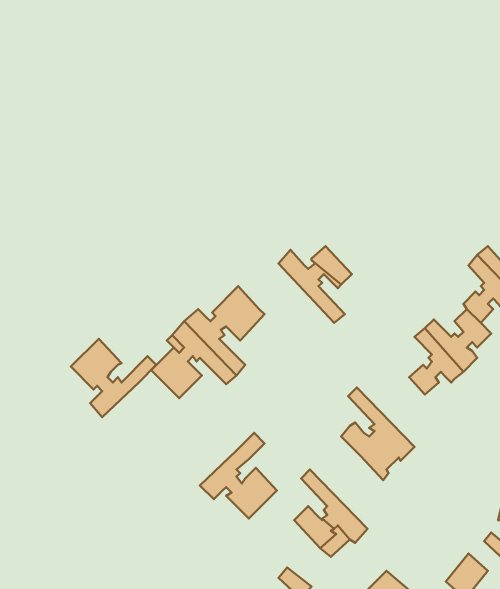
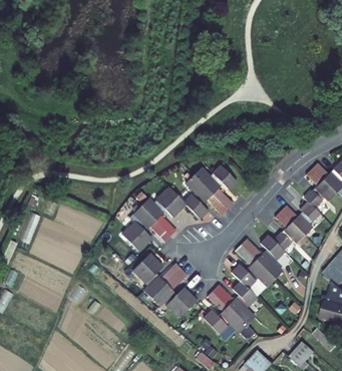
building: none -> [184,172,227,216]
building: [71,339,156,417] -> [131,255,181,300]
building: none -> [240,236,283,278]
building: none -> [213,283,257,325]

